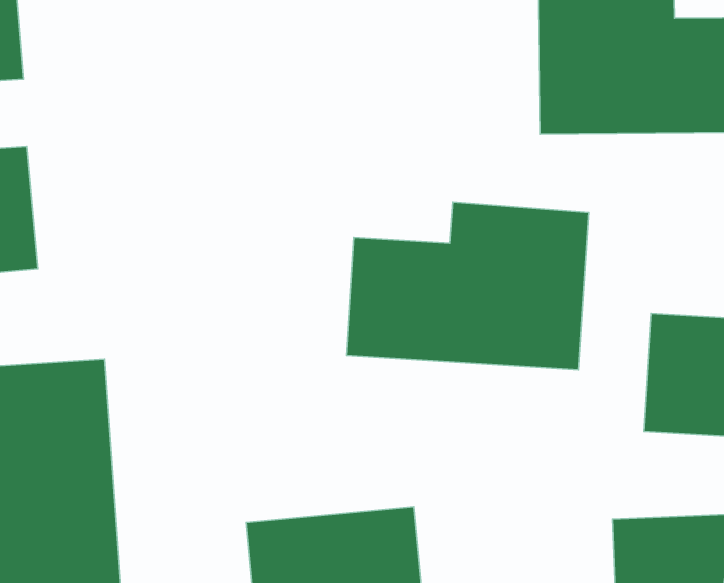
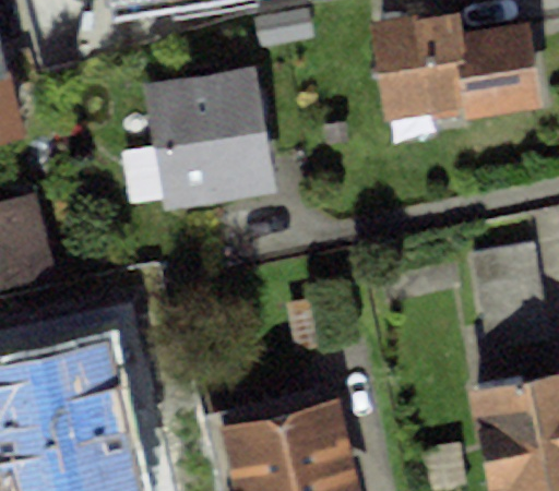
building: none -> [146,62,274,205]
building: [346,202,589,370] -> none

